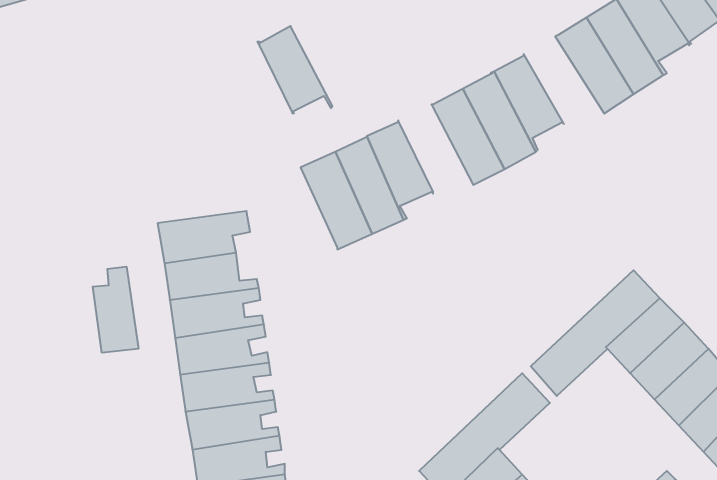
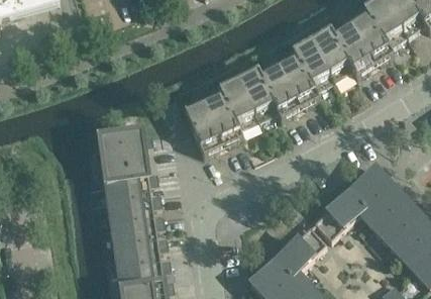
building: [257,26,332,113] -> [237,69,281,119]
building: none -> [310,29,356,80]
building: [93,267,138,353] -> none

